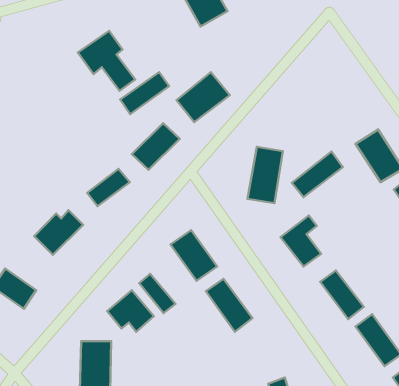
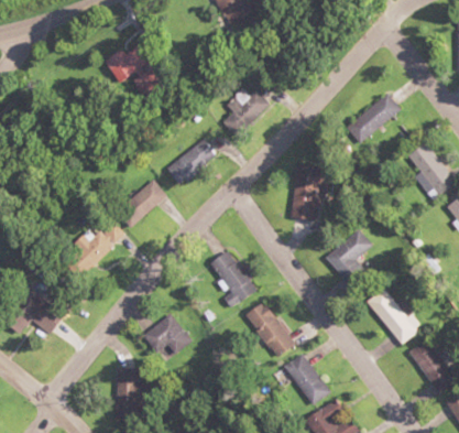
building: [120,72,169,114] -> none
building: [292,152,343,197] -> [349,93,403,141]
building: [139,274,175,313] -> none
building: none -> [284,353,329,404]

